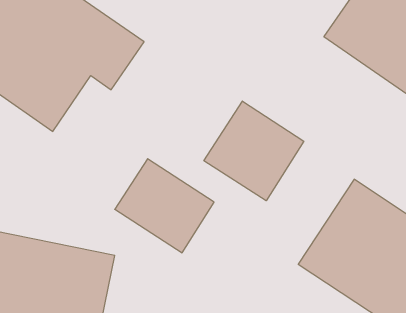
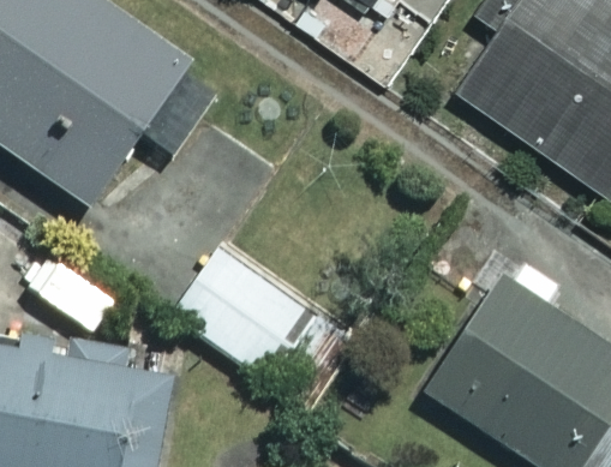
building: [204,101,304,201] -> none

